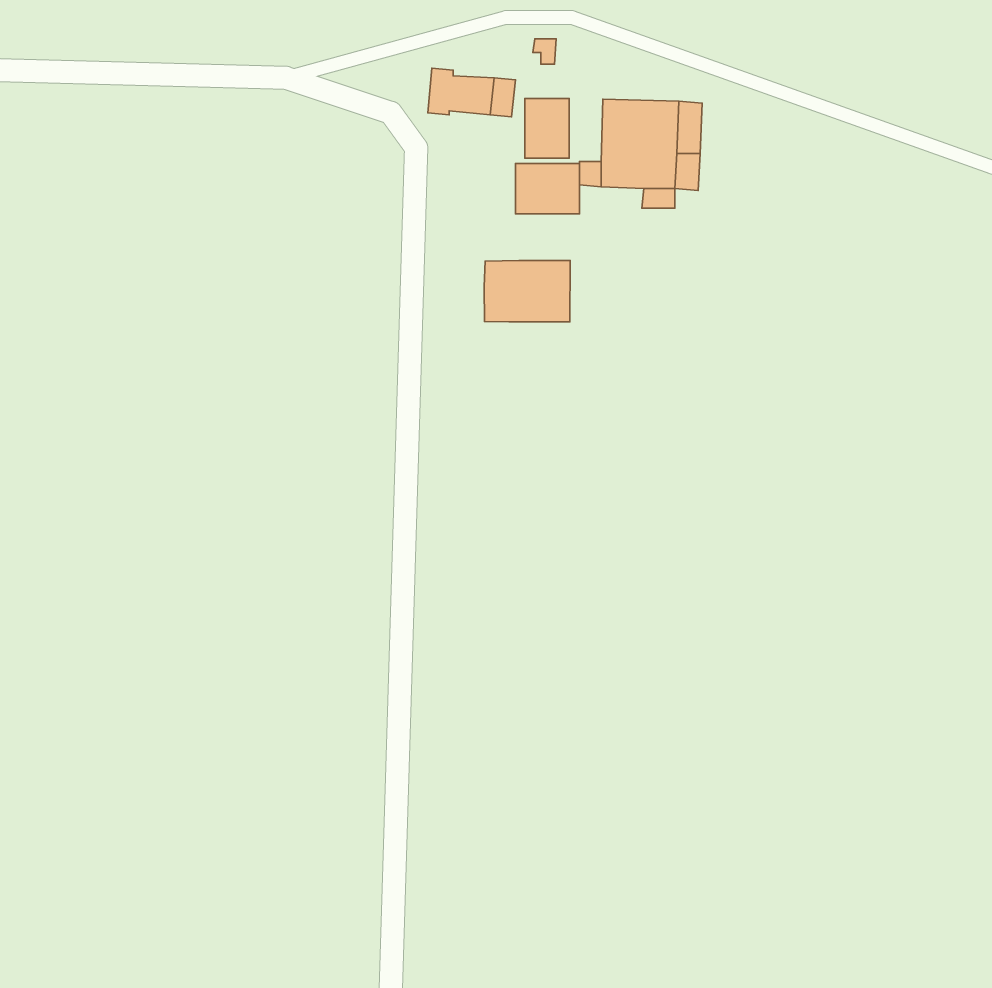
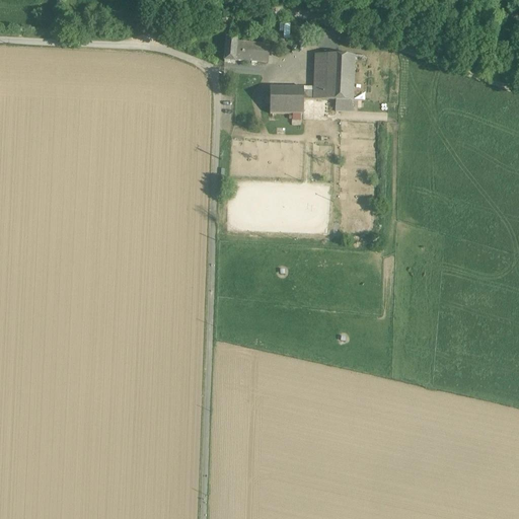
building: [525,99,569,158] -> none
building: [484,260,570,322] -> none

